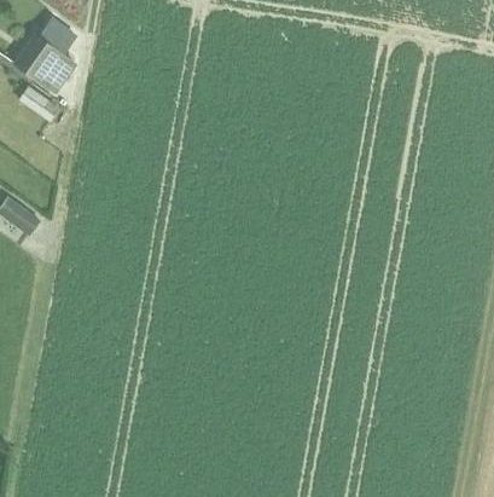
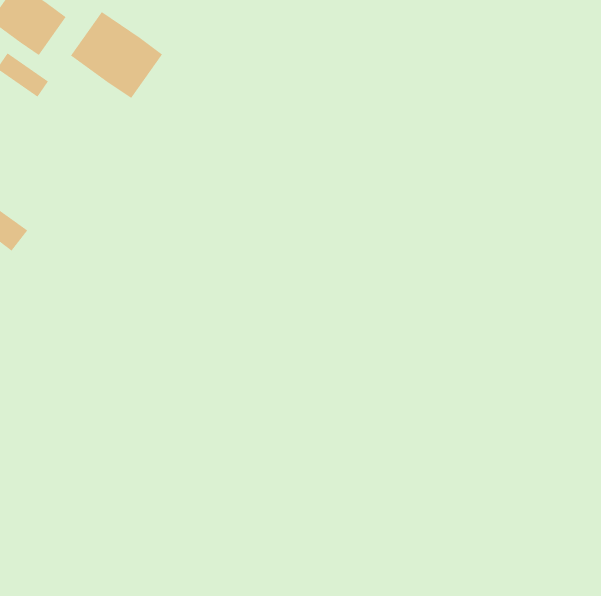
building: none -> [70,11,163,99]

